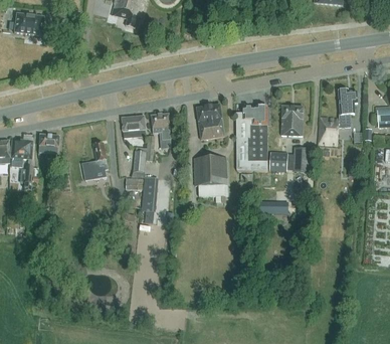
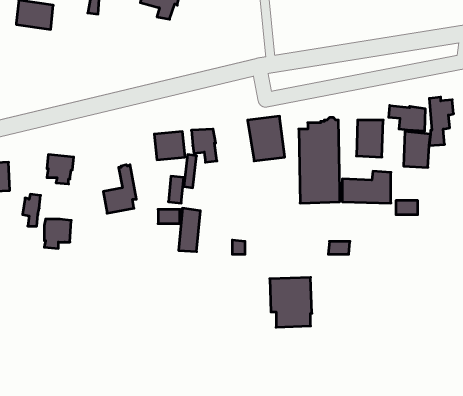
building: none -> [389,105,425,131]
building: [11,140,32,163] -> [44,219,71,248]
building: [194,157,227,196] -> [270,277,312,327]

